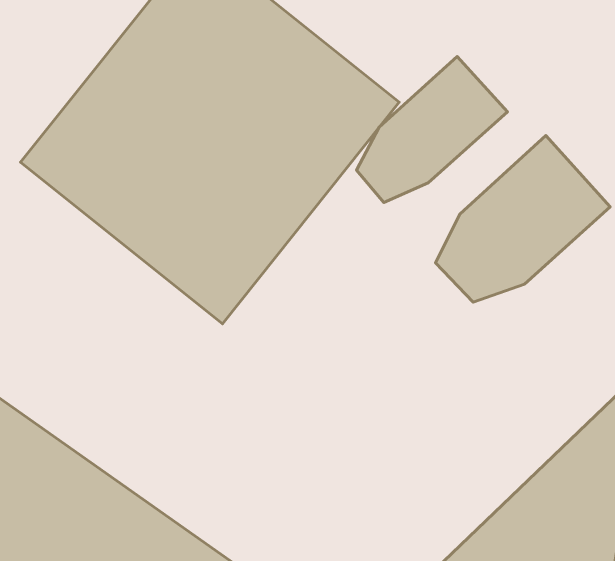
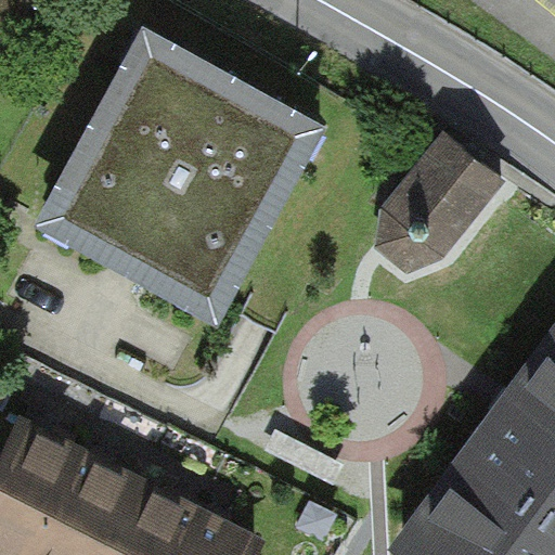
building: [356,56,507,203] -> none

